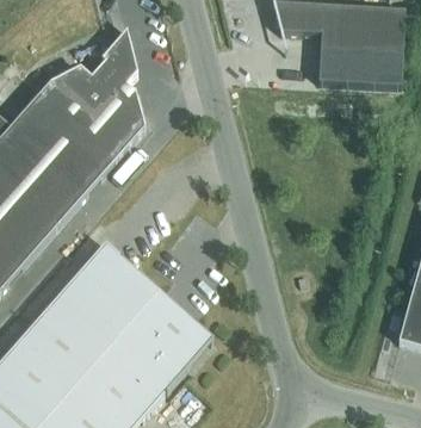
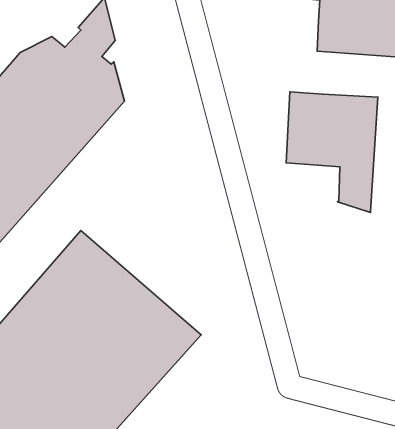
building: none -> [286,92,378,213]

